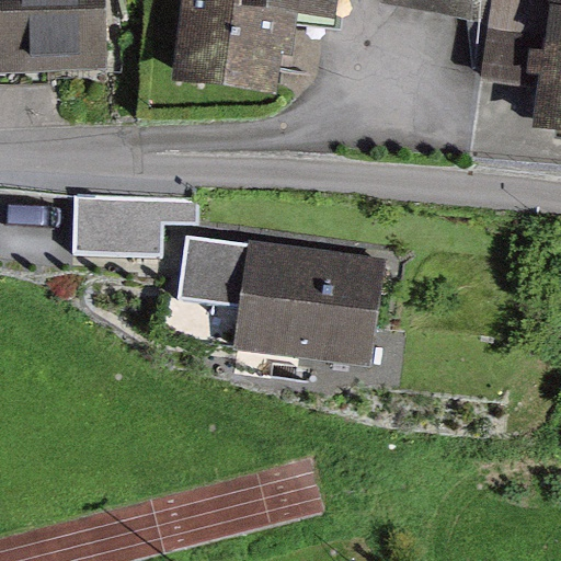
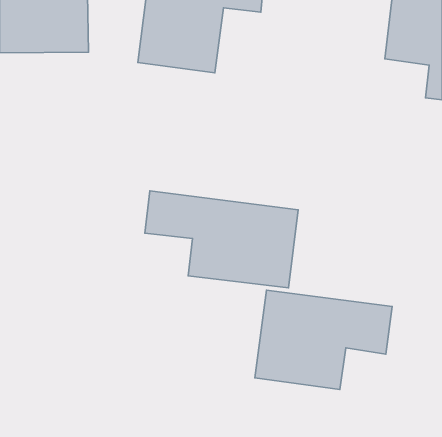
building: [75,195,196,253] -> none
building: none -> [255,290,392,390]

